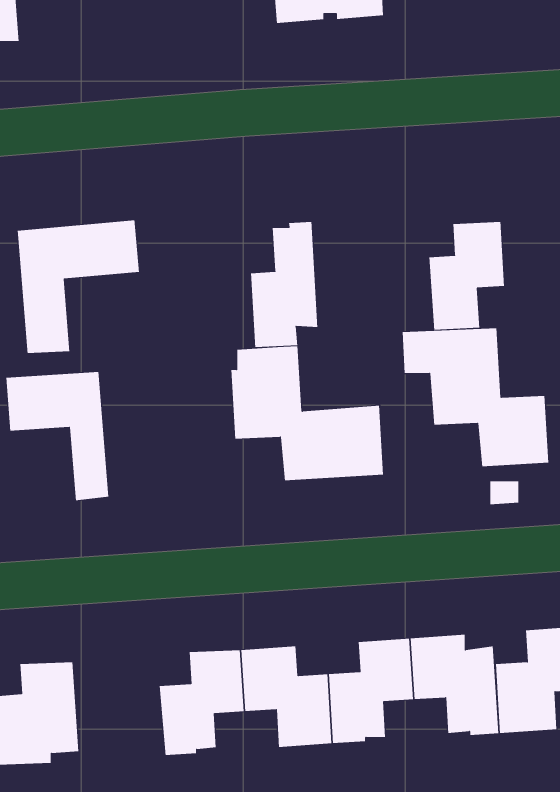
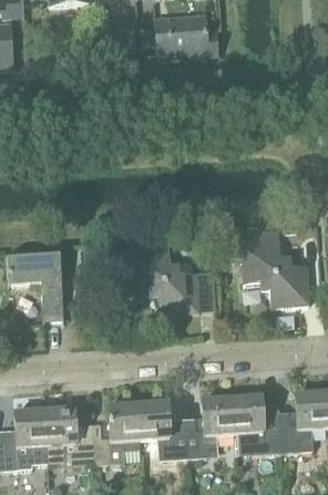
building: [17,219,139,354] -> none
building: [250,221,318,348] -> none
building: [429,221,505,330] -> none
building: none -> [44,410,95,465]

